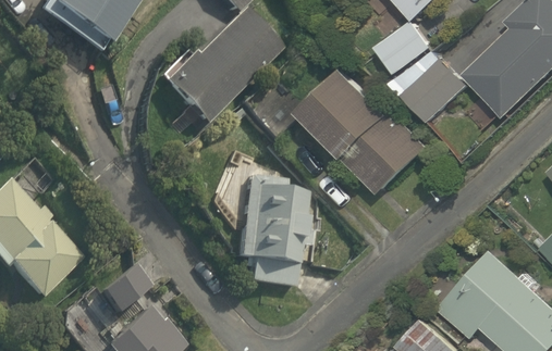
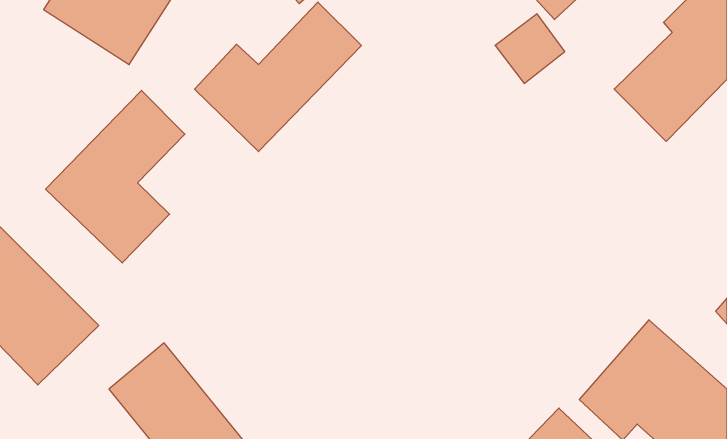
building: [395,48,466,118] -> none
building: [298,68,427,198] -> none
building: none -> [46,90,185,263]
building: [232,184,303,288] -> none

